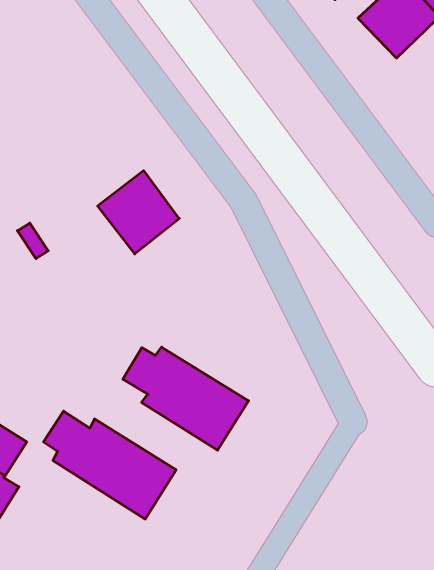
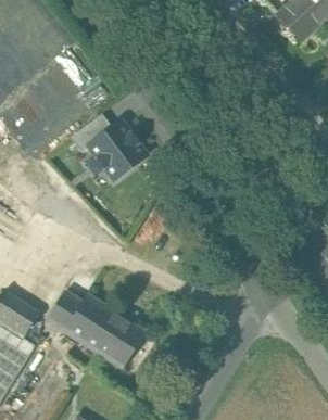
building: [123,347,249,450] -> none

